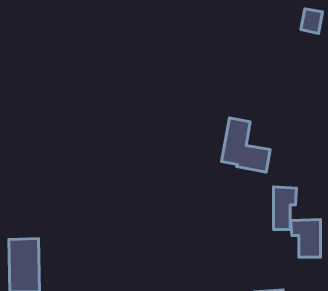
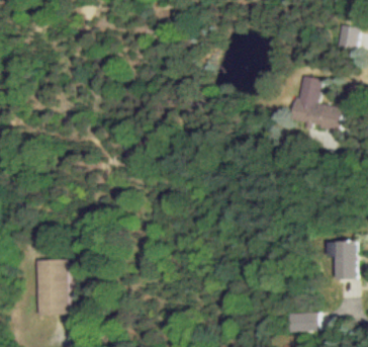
building: [222,118,270,172] -> [292,75,342,131]
building: [273,187,296,230] -> none

